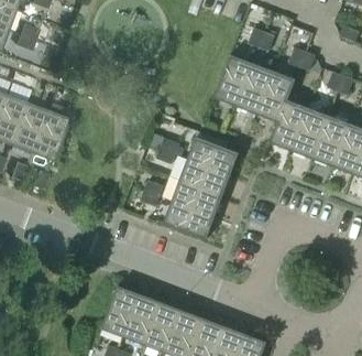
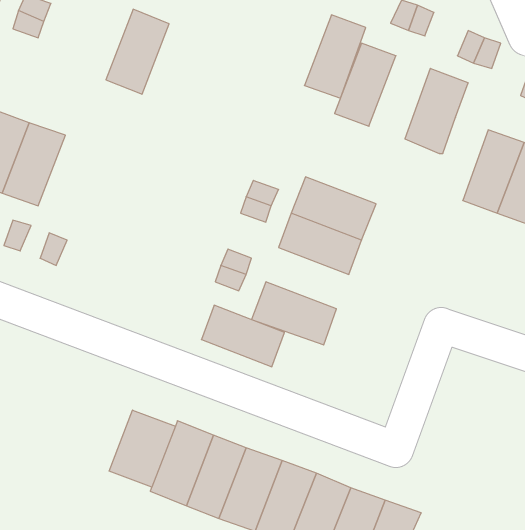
building: [234,62,272,112] -> [304,15,366,98]
building: [270,99,307,150] -> none
building: [33,110,72,162] -> [106,9,169,94]
building: [172,179,222,216] -> [201,305,284,367]
building: none -> [109,410,175,487]

